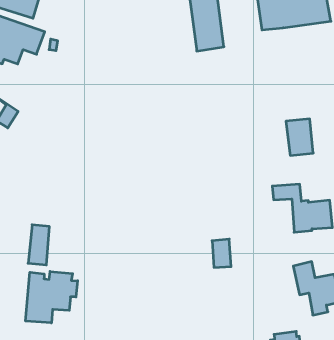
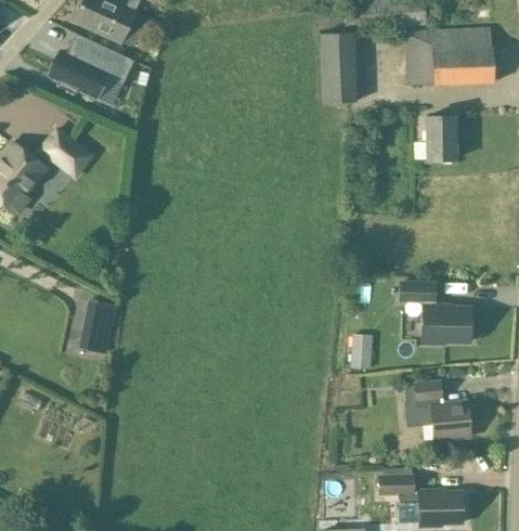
building: [286,119,313,155] -> [426,116,456,159]
building: [212,239,231,267] -> [350,332,373,366]
building: [26,271,78,323] -> none

